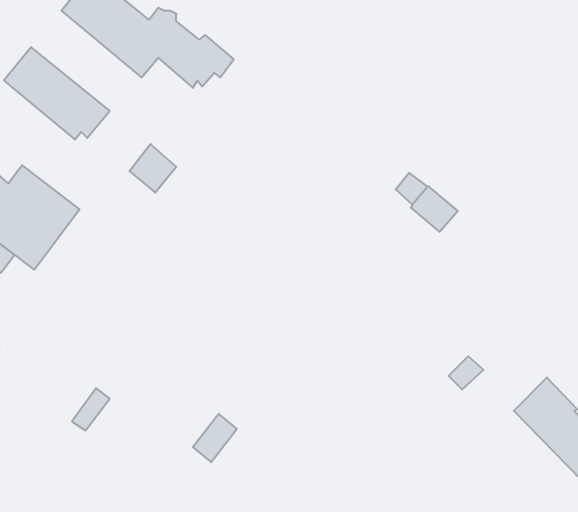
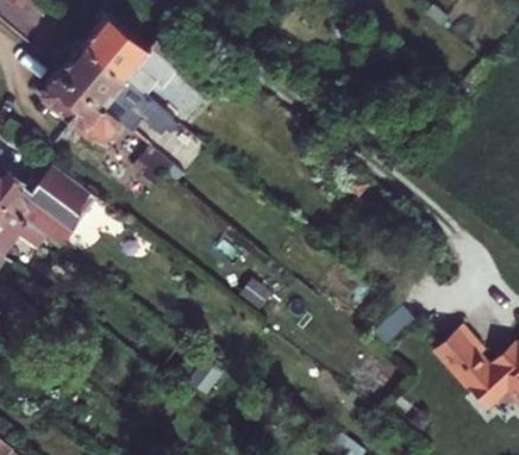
building: none -> [55,40,175,131]

